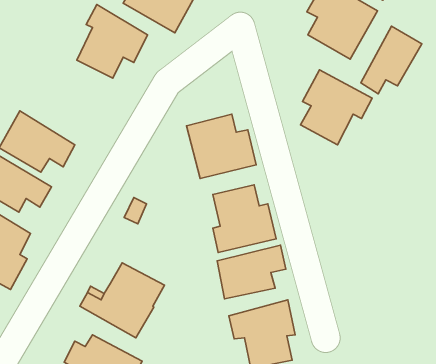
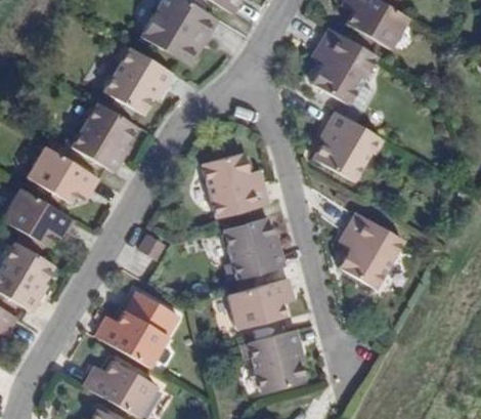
building: [361,26,422,94] -> none
building: none -> [58,107,129,178]
building: none -> [340,207,405,282]

